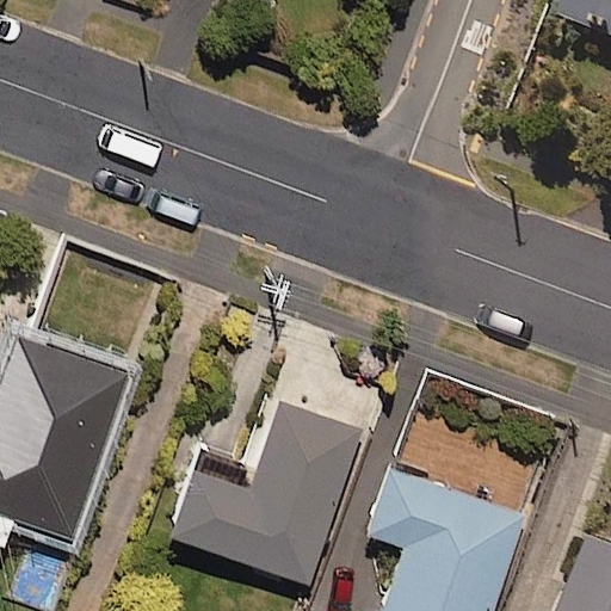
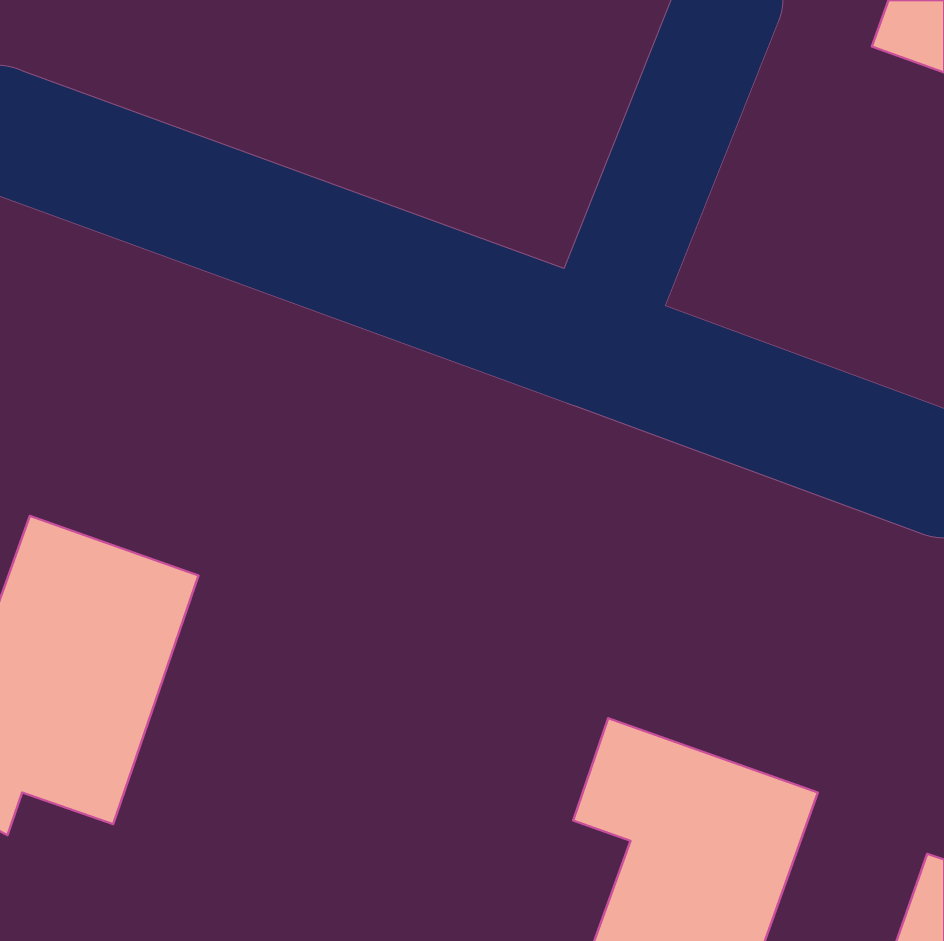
building: [172,402,362,581] -> none

